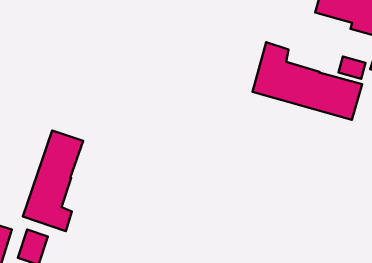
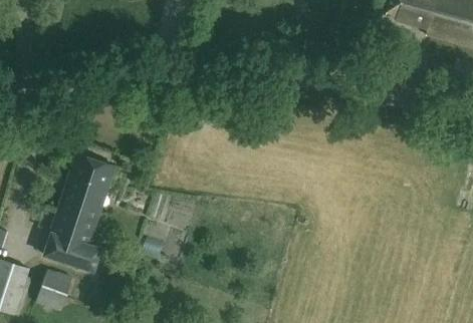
building: [252,42,362,120] -> none
building: [339,57,366,79] -> none

